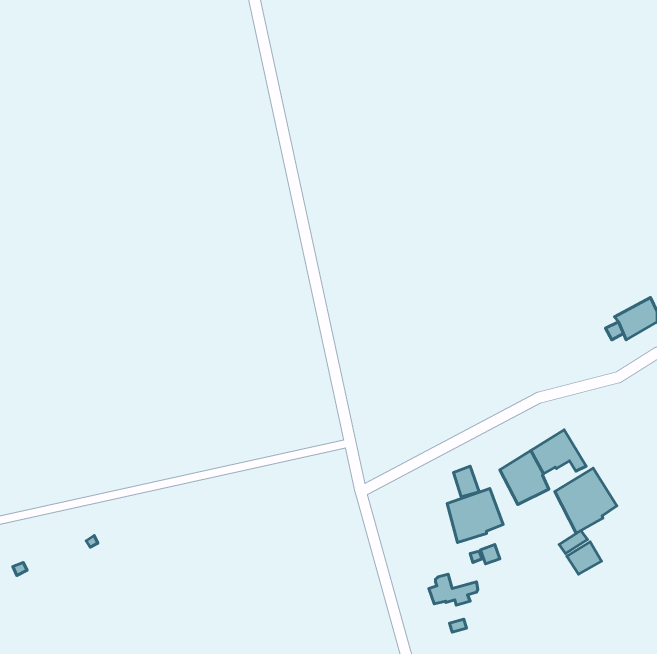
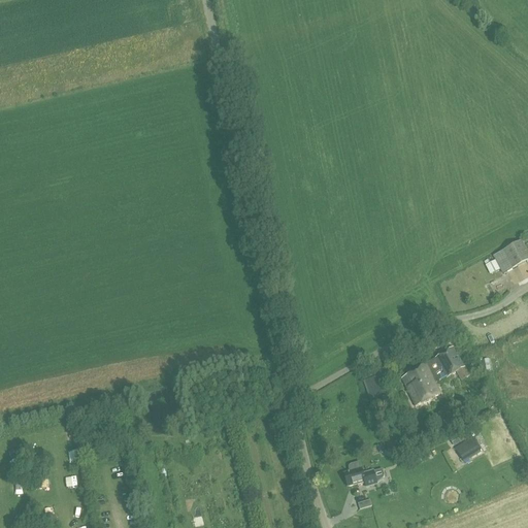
building: [555,468,617,533] -> none
building: [447,489,503,543] -> none

